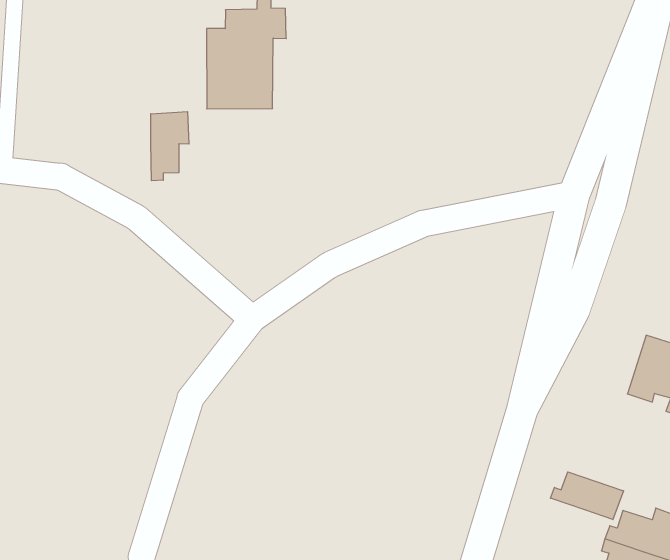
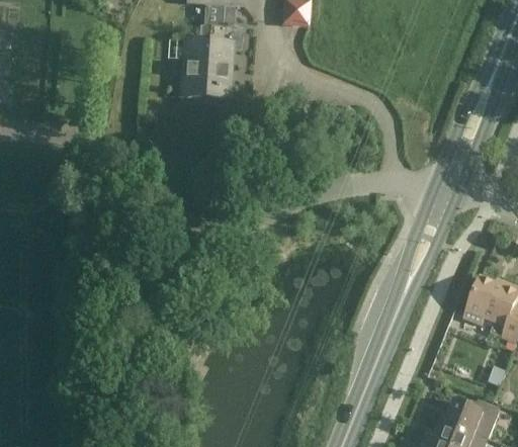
building: [151,112,189,181] -> none
building: [550,472,624,520] -> none

